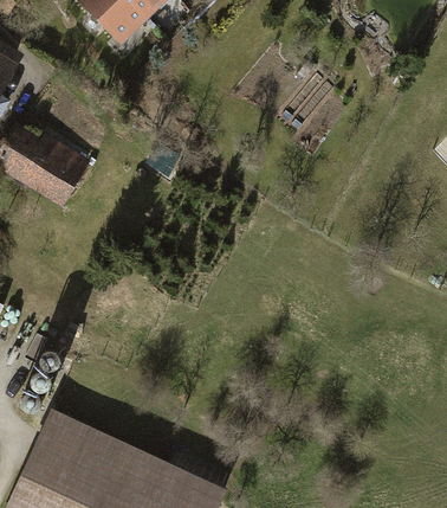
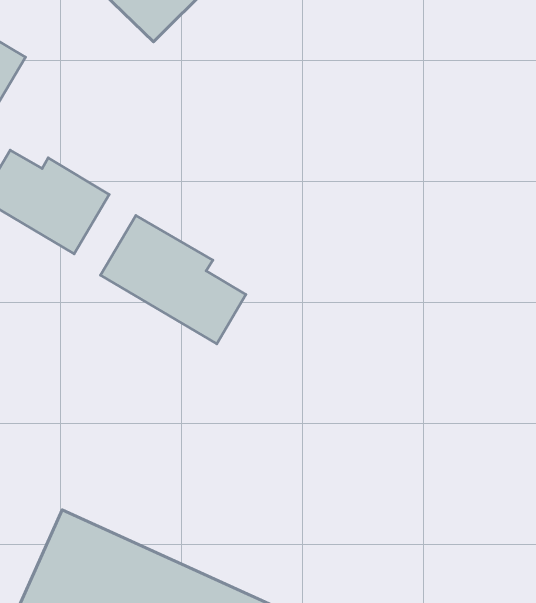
building: none -> [101,215,246,344]

